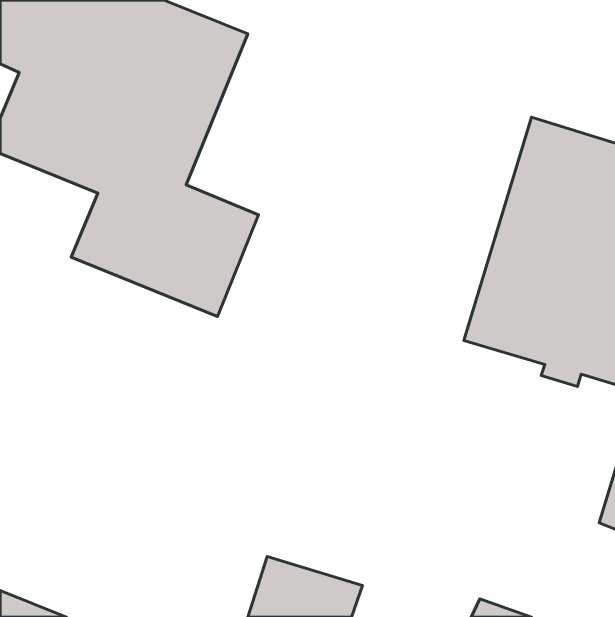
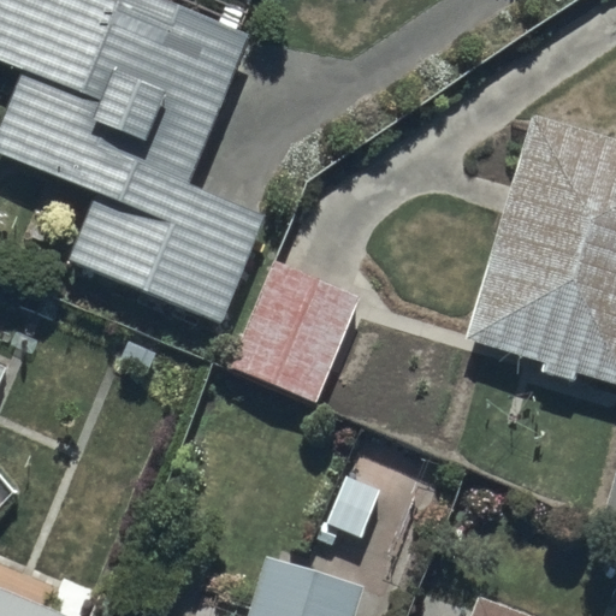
building: none -> [227,265,357,405]

